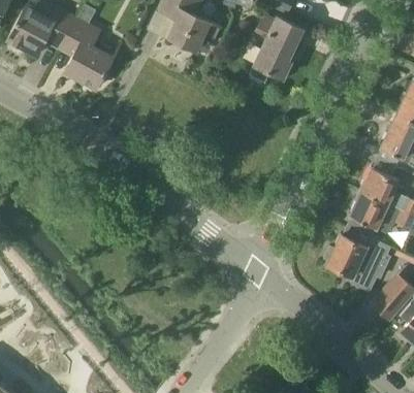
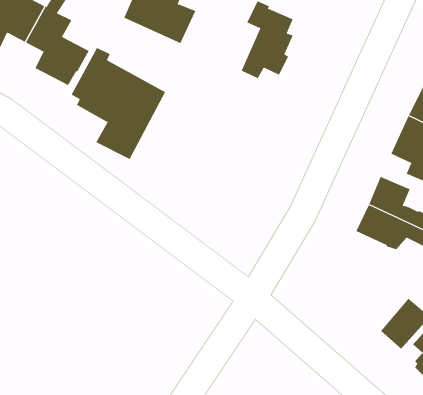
building: none -> [71,47,166,160]
building: [325,234,391,291] -> none

